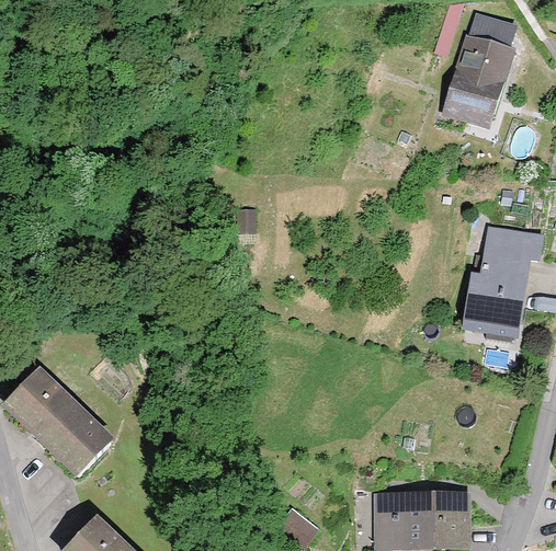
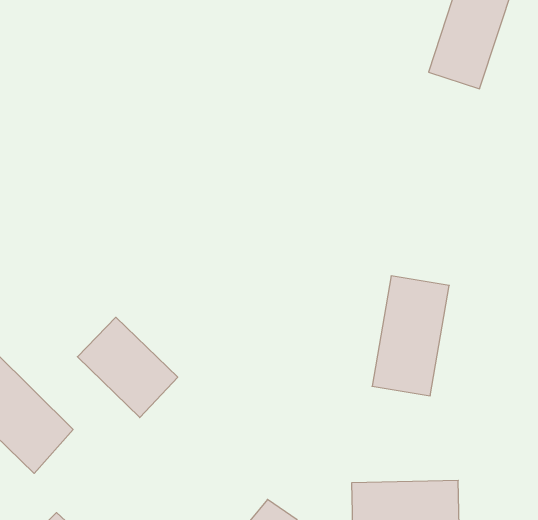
building: [467,223,538,334] -> [372,276,449,396]
building: none -> [77,317,178,418]

